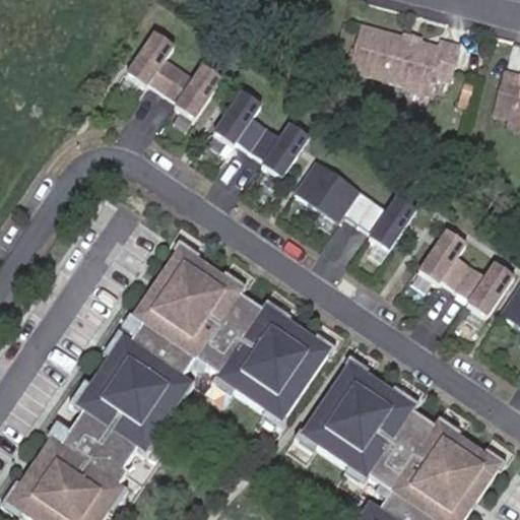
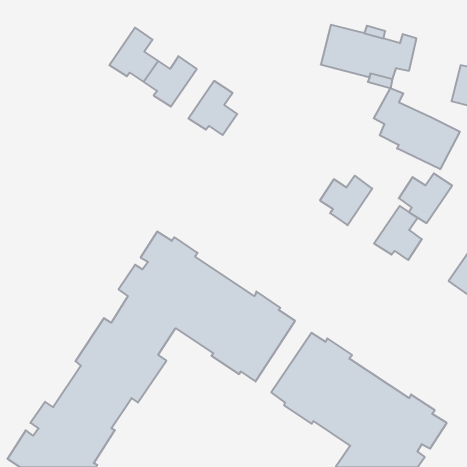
building: none -> [374,88,460,169]
building: [249,122,308,177] -> none
building: [294,159,372,221] -> none
building: [454,260,513,315] -> [399,173,452,223]

